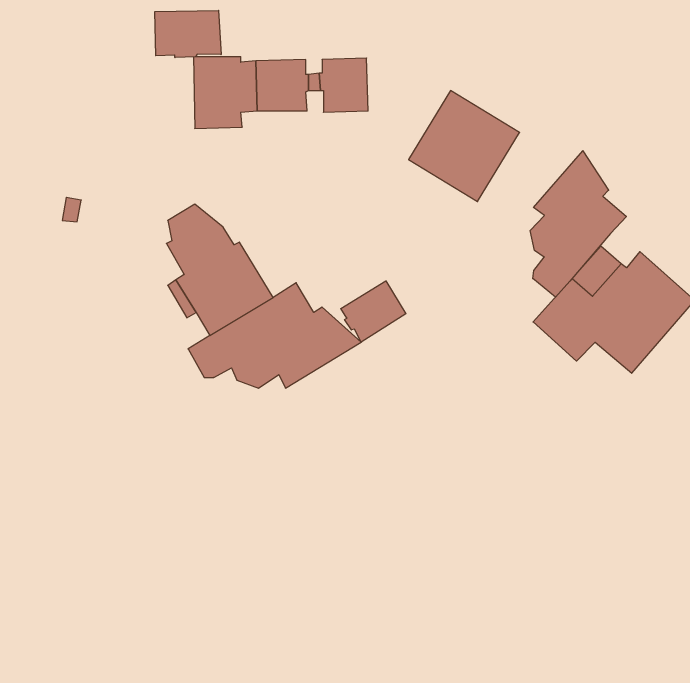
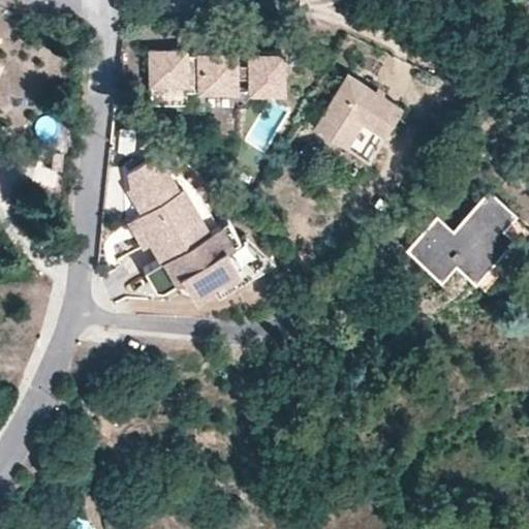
building: [155,10,221,58] -> none
building: [530,151,626,297] -> none
building: [341,281,406,342] -> none

